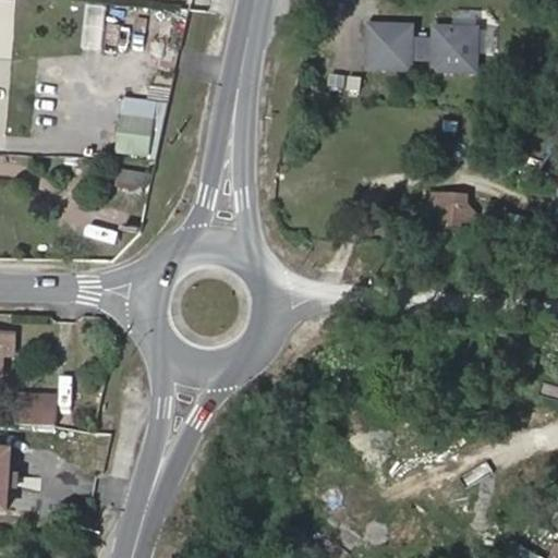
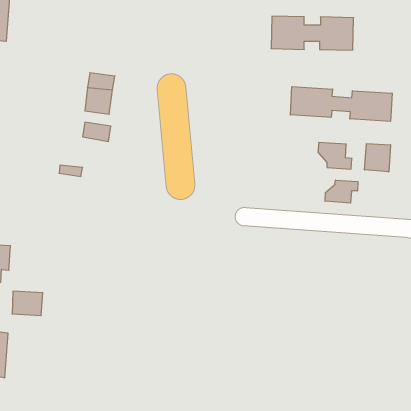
building: none -> [290,87,392,121]
building: none -> [365,144,391,172]
building: none -> [325,180,358,203]

